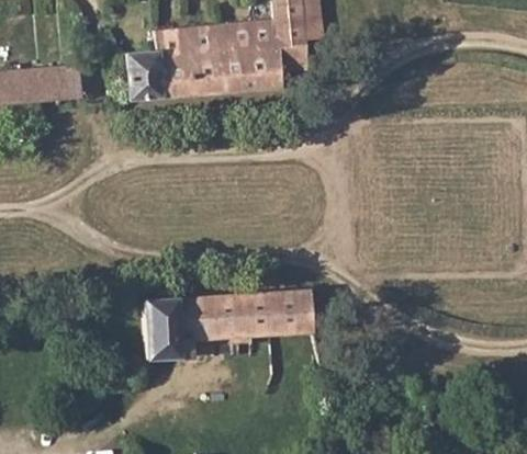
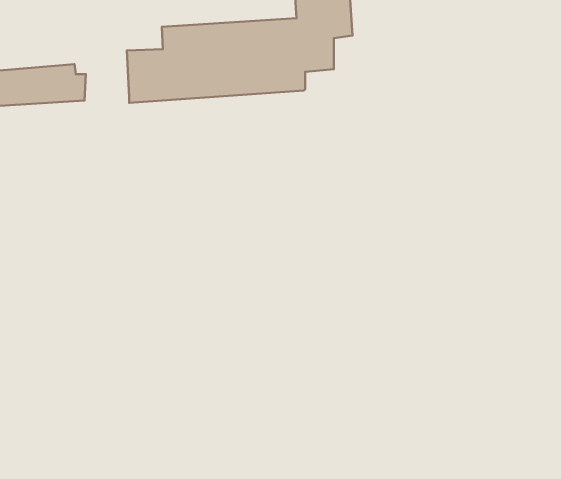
building: [141,290,311,348] -> none

